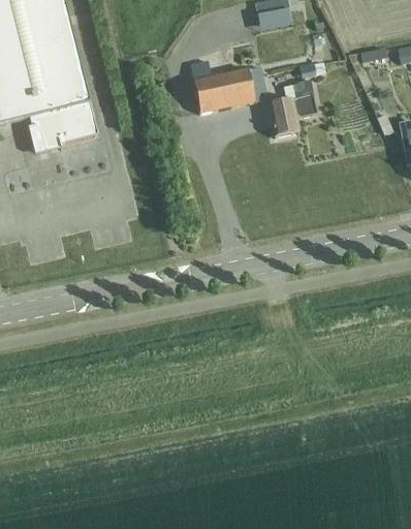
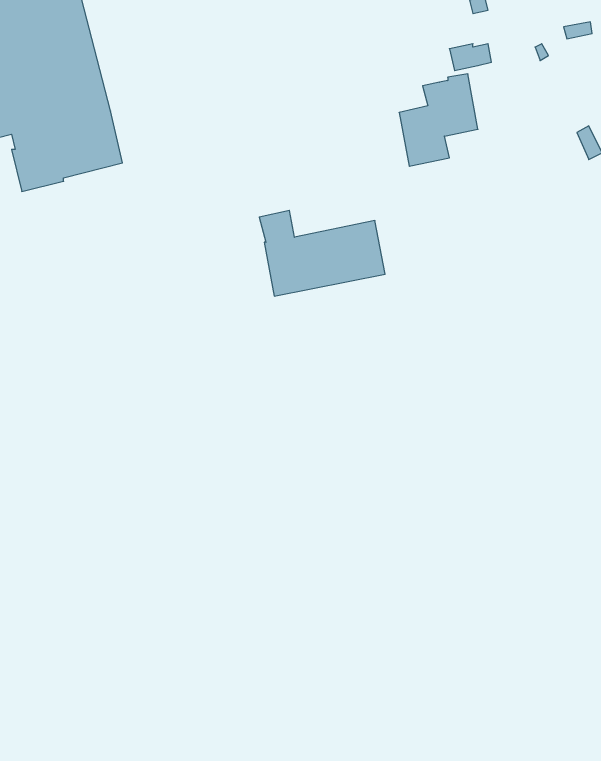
building: [190,59,267,112] -> [259,210,385,296]

